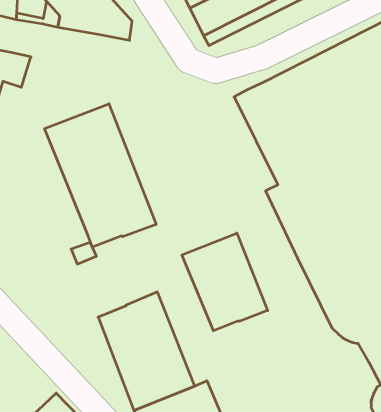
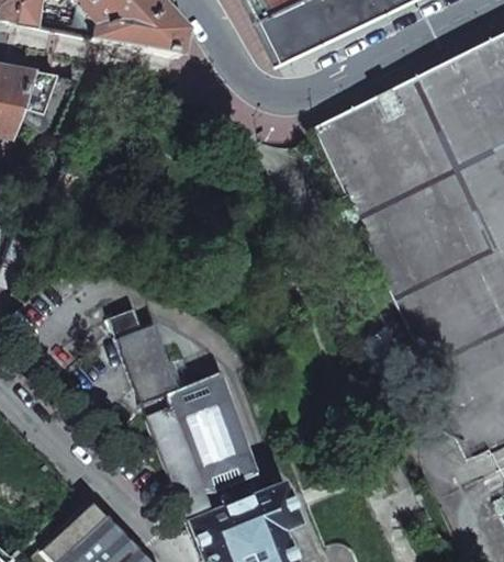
building: [45,104,156,247] -> none
building: [182,233,268,331] -> none
building: none -> [121,325,181,404]

